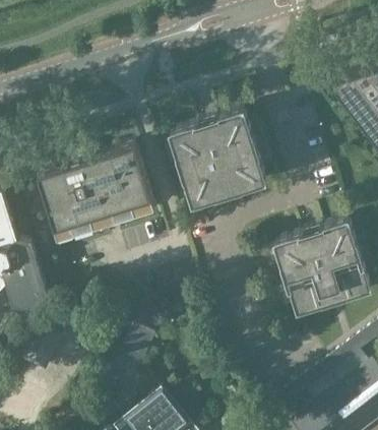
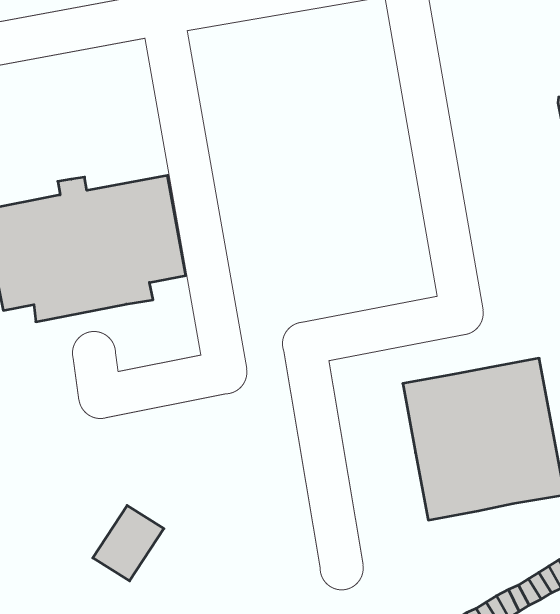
building: [170,114,264,208] -> none

